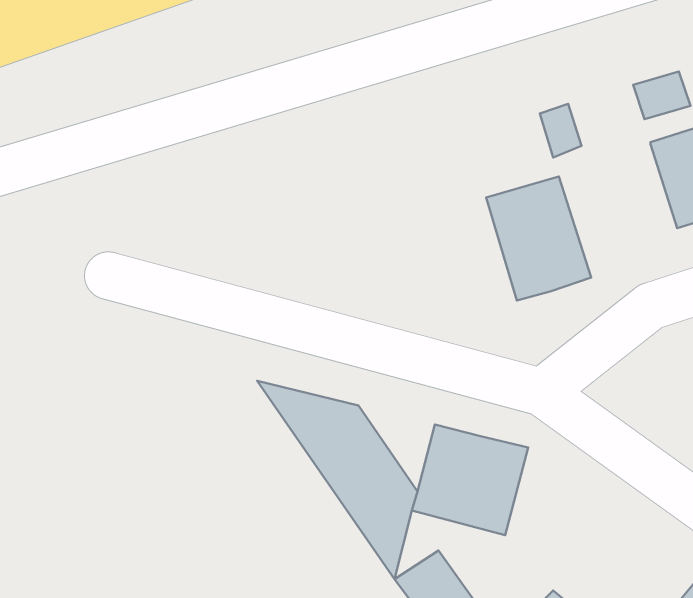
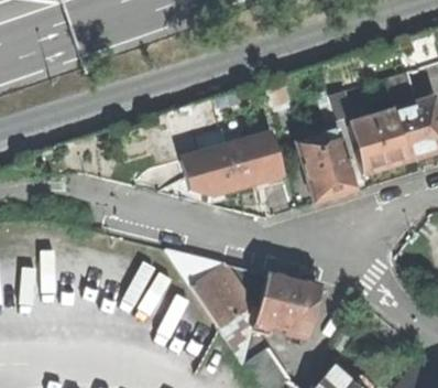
building: none -> [350,111,408,173]
building: none -> [183,131,284,195]

